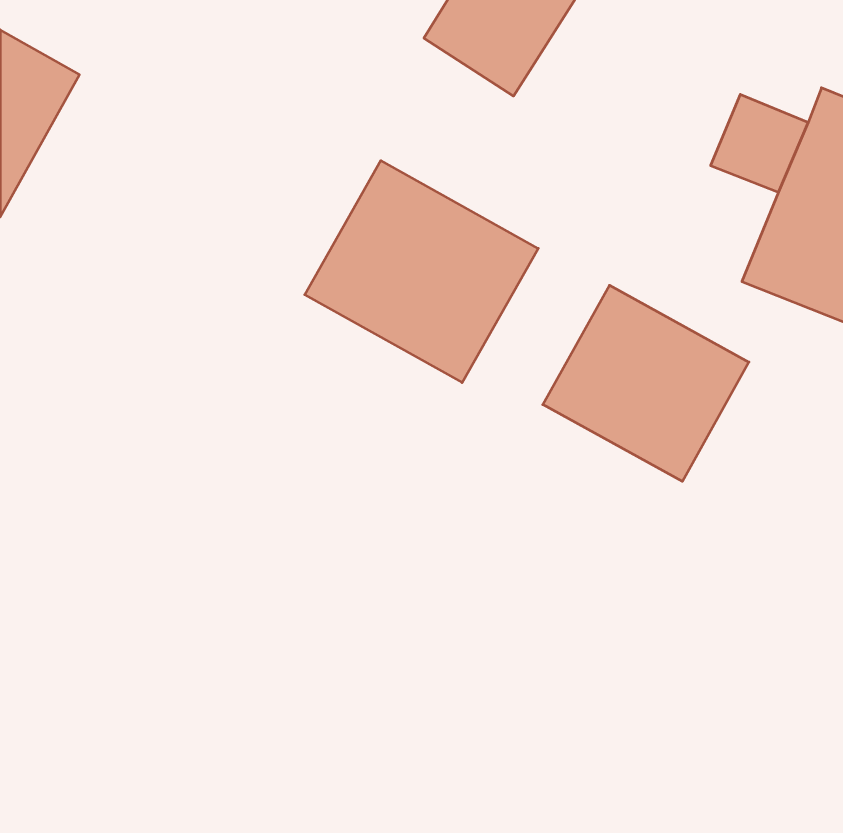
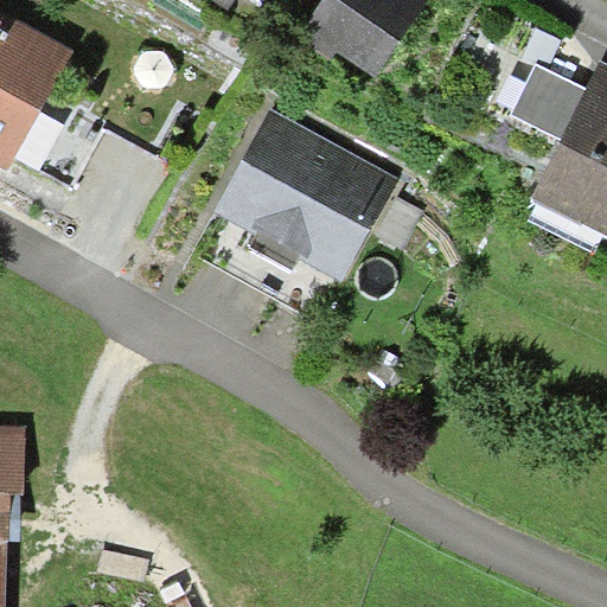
building: [543,285,749,481] -> none

